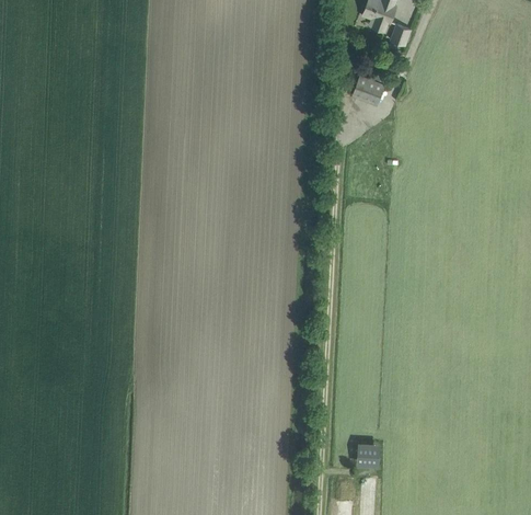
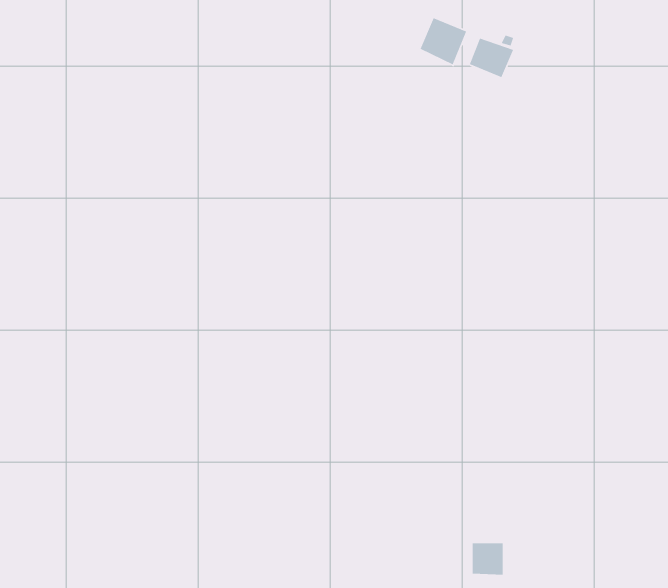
building: none -> [420,17,467,66]

